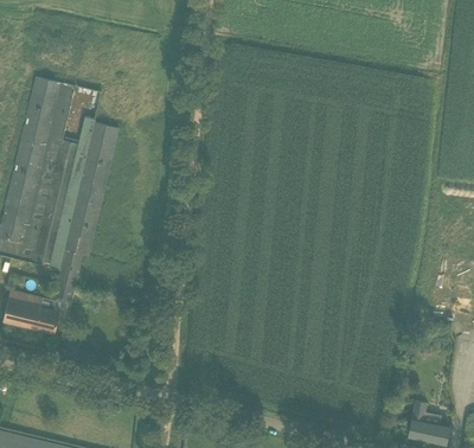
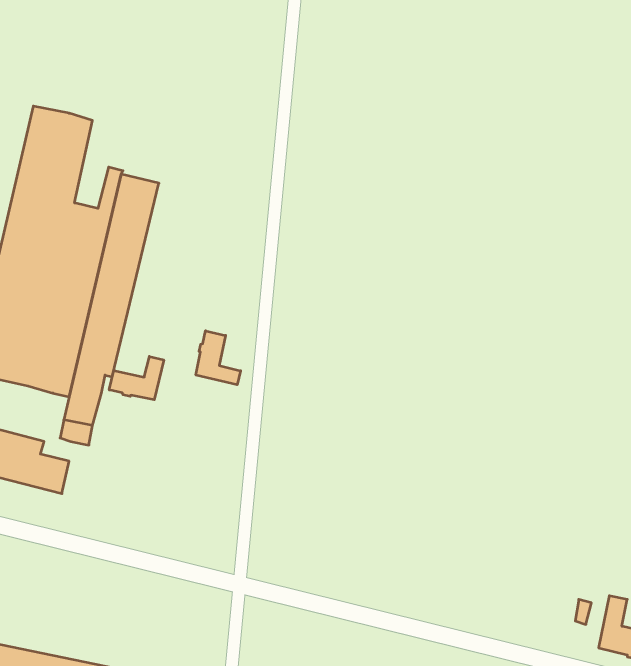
building: none -> [196,331,241,385]
building: none -> [109,356,164,400]

